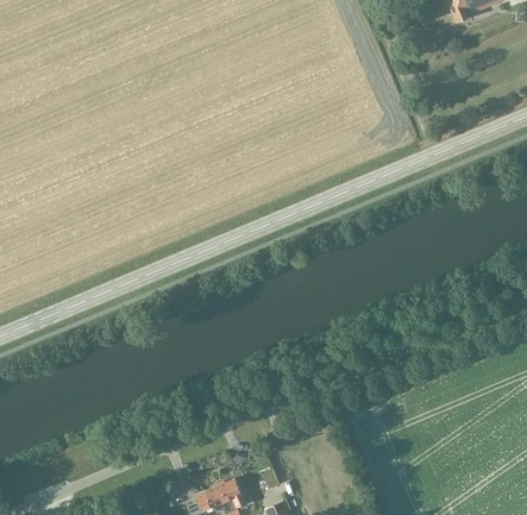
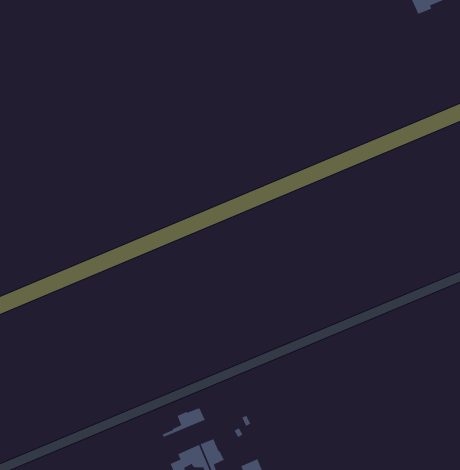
building: none -> [161,407,206,438]

